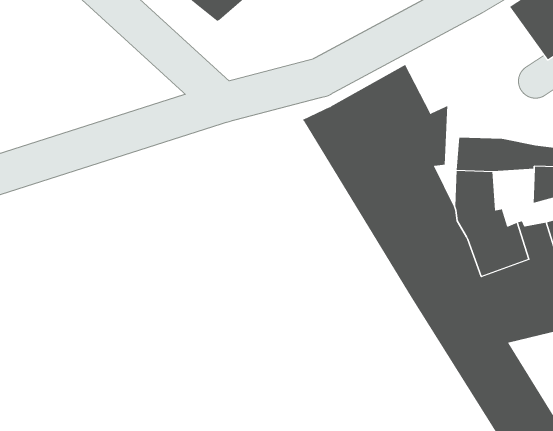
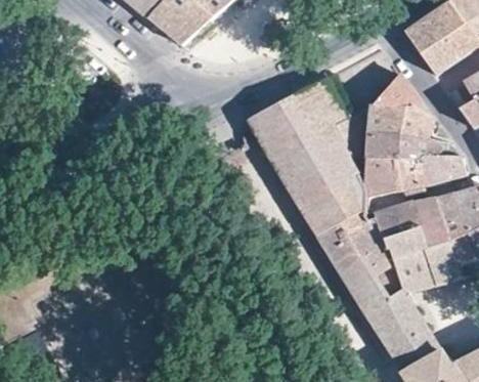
building: none -> [366,74,433,139]
building: none -> [393,158,425,189]

